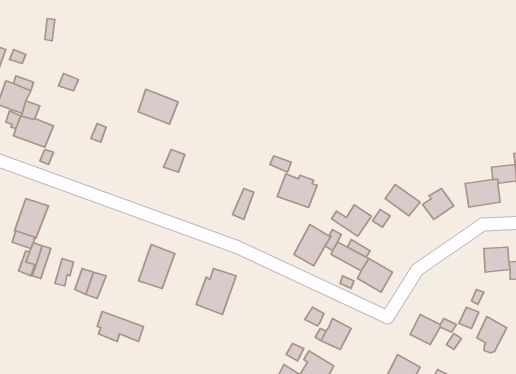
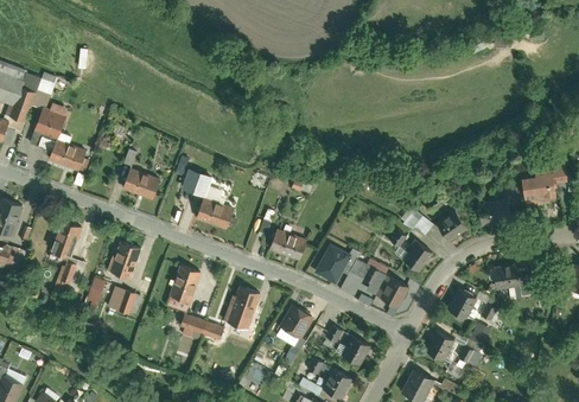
building: [138,89,178,124] -> [122,168,160,202]
building: [277,174,317,208] -> [269,229,307,261]
building: none -> [196,198,234,230]
building: [332,205,372,236] -> [394,244,432,274]
building: none -> [107,241,141,280]
building: none -> [279,305,313,339]
building: [97,311,143,341] -> [180,313,224,342]
building: [477,317,507,353] -> [447,289,476,324]

